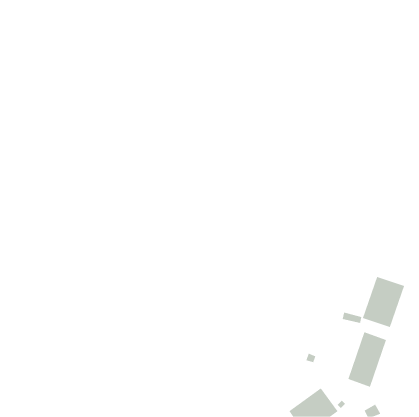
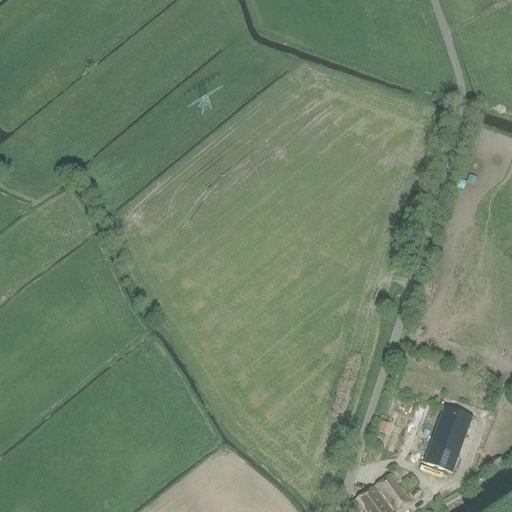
building: [362,276,405,328] -> none

